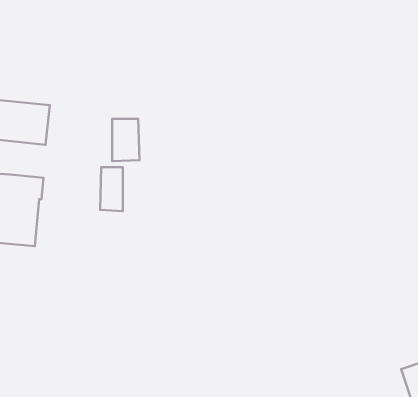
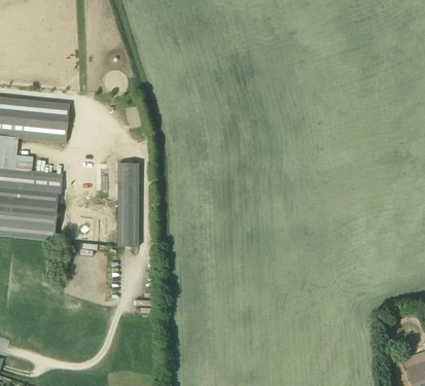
building: [112,119,140,161] -> none
building: none -> [117,204,139,246]

